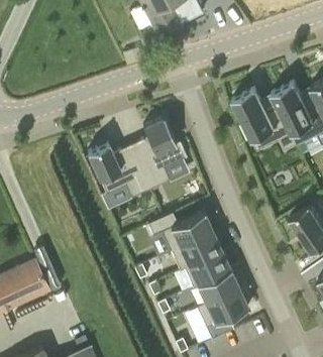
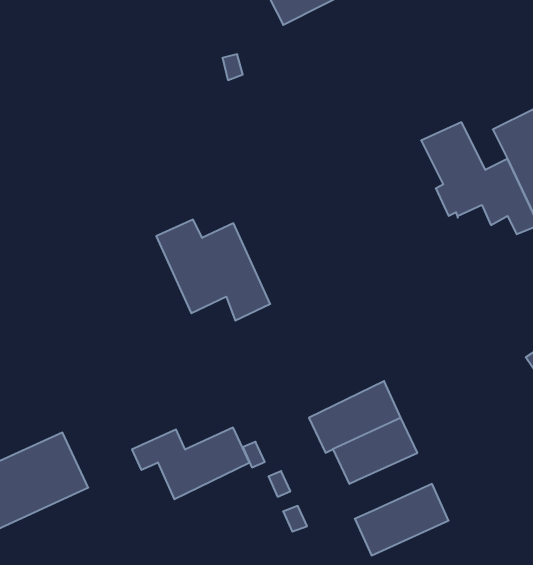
building: [129,117,186,189] -> none
building: [147,212,212,251] -> [132,428,250,499]
building: [197,270,238,303] -> none

